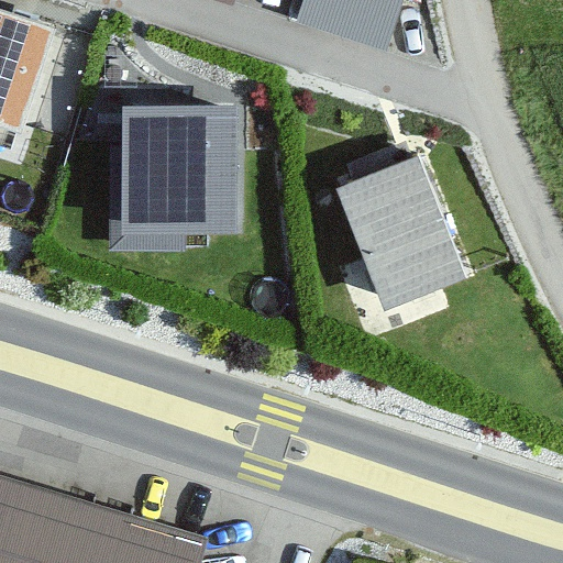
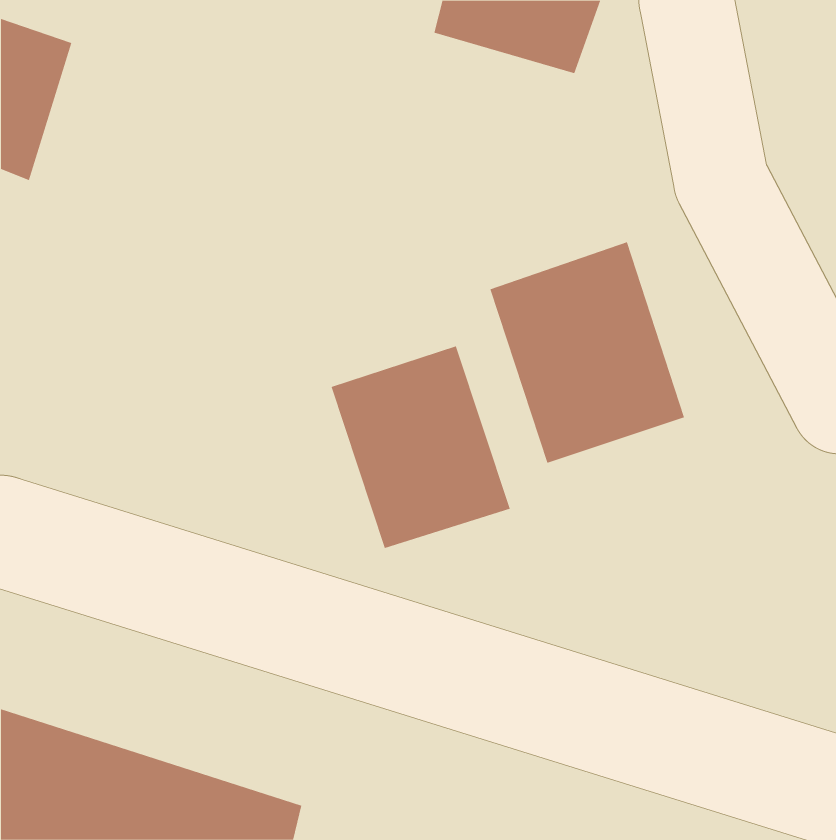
building: [122,110,235,233] -> none
building: none -> [331,345,511,549]

